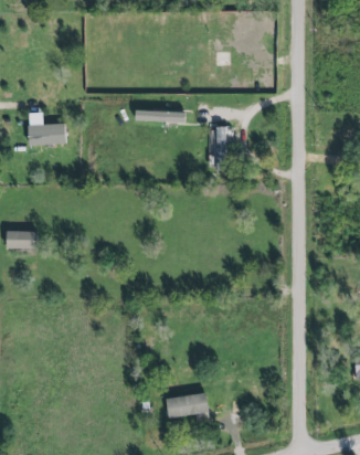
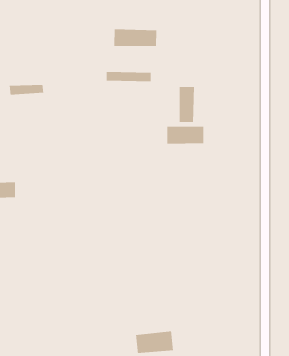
building: none -> [113,29,157,47]
building: none -> [166,126,204,144]

